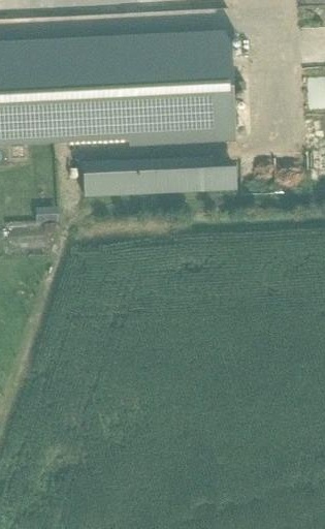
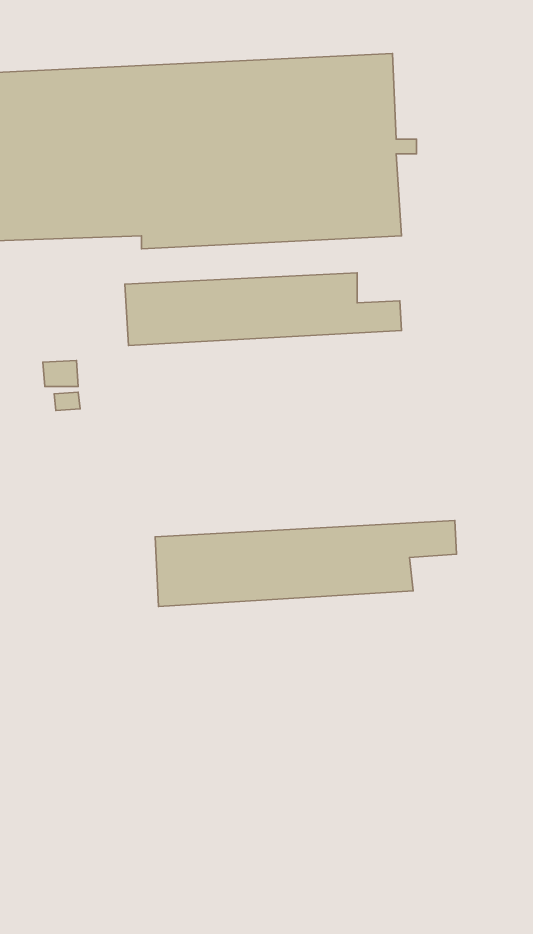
building: none -> [155,521,456,606]

